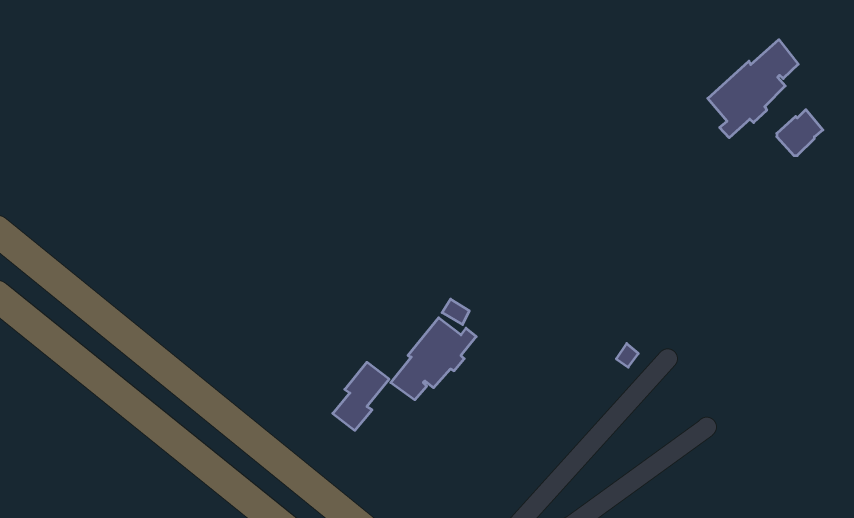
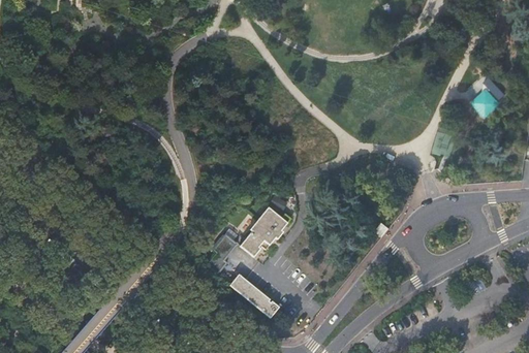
building: [708,40,798,138] -> none
building: none -> [229,274,279,318]

